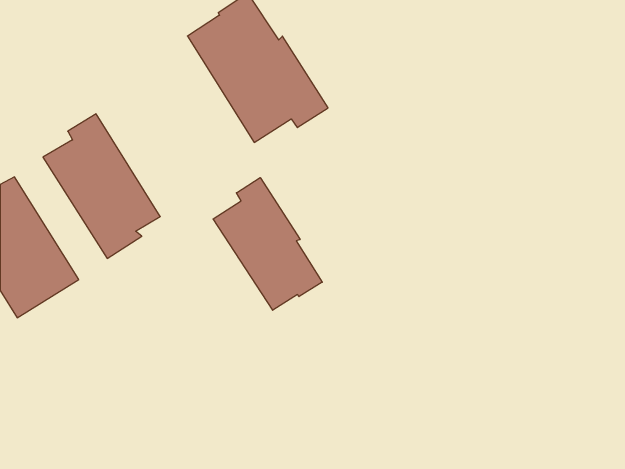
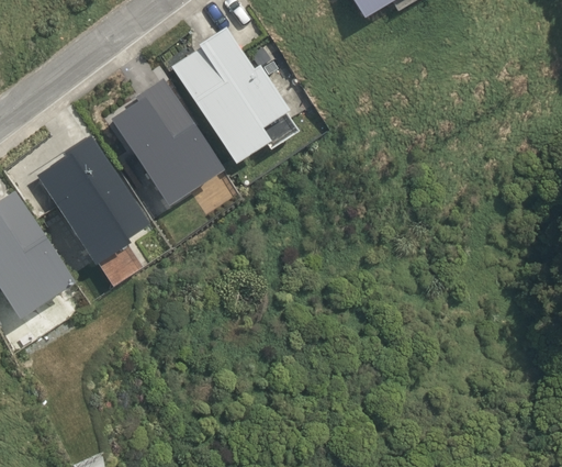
building: none -> [112,79,223,205]
building: [213,178,322,310] -> none

